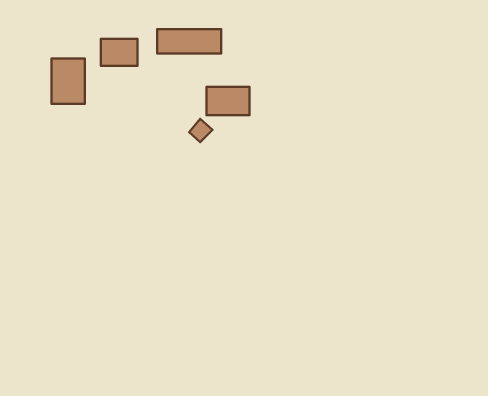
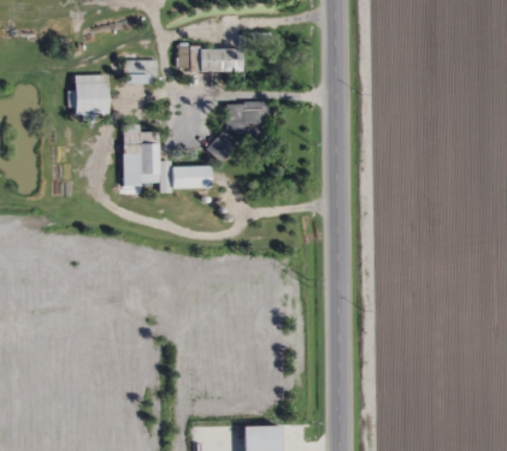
building: none -> [123,124,160,186]
building: none -> [171,167,210,189]

